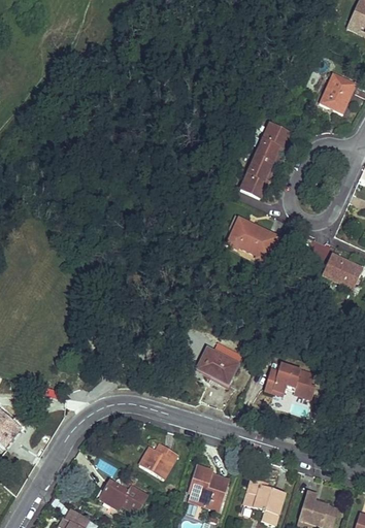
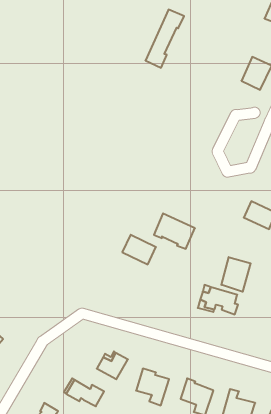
building: [240,125,289,198] -> [145,10,184,68]
building: [227,218,278,262] -> [154,213,195,249]
building: none -> [221,257,251,292]
building: [196,349,238,386] -> [122,235,156,264]

